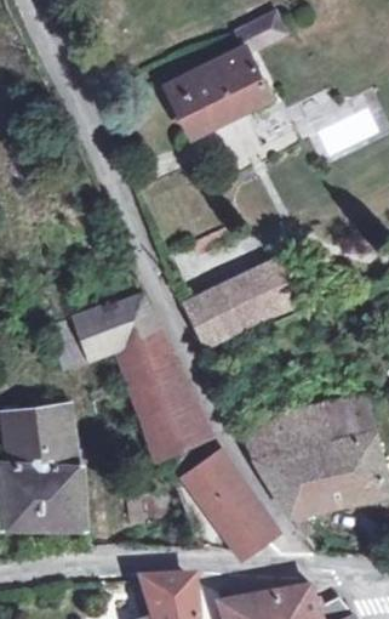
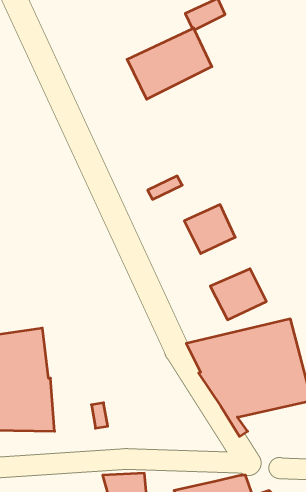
building: [188,279,254,340] -> [210,269,266,320]
building: [47,294,211,460] -> none
building: [184,452,278,552] -> none

